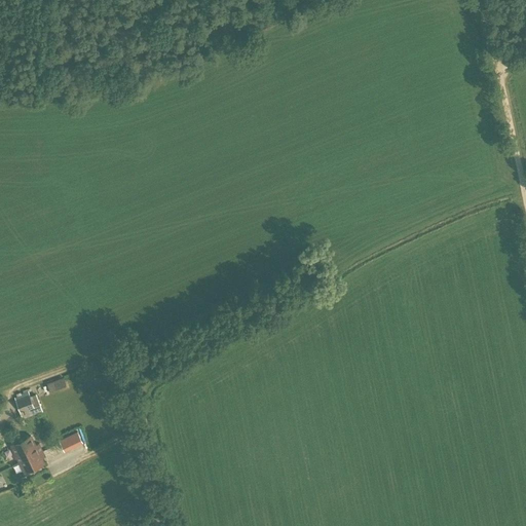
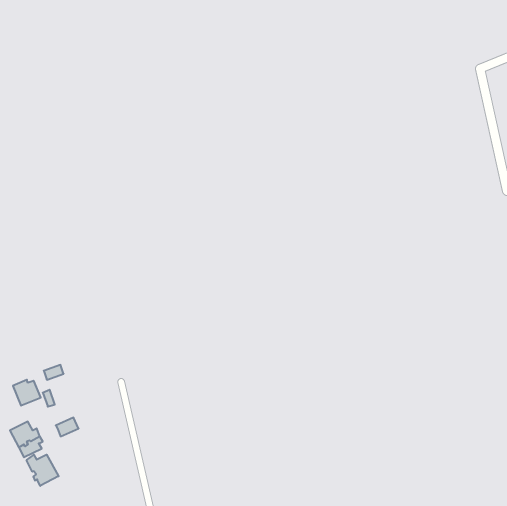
building: none -> [27,455,59,486]

